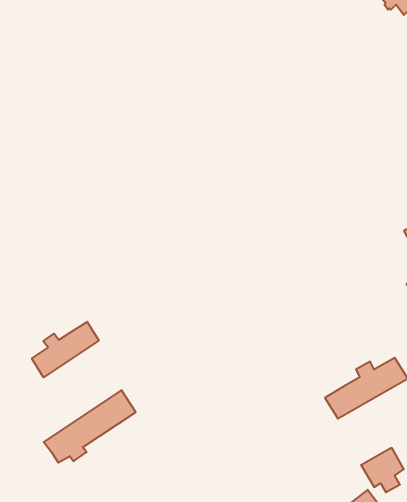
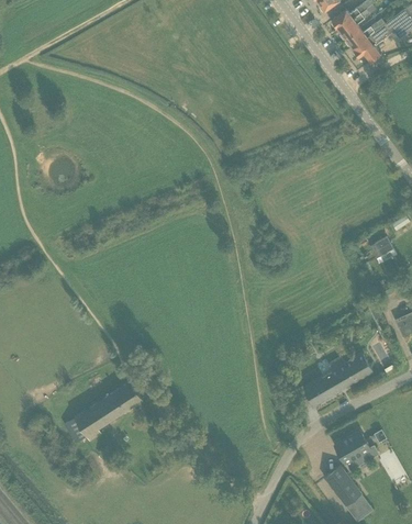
building: [32,322,99,377] -> none

